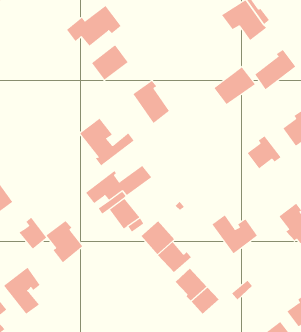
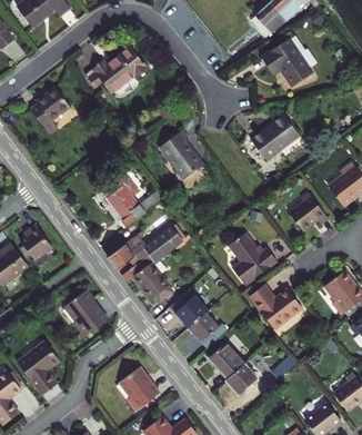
building: none -> [32,88,70,132]
building: [91,45,128,81] -> none
building: [255,49,296,90] -> none
building: none -> [230,231,278,284]
building: [19,217,47,249] -> [19,225,51,261]
building: none -> [117,366,158,409]

